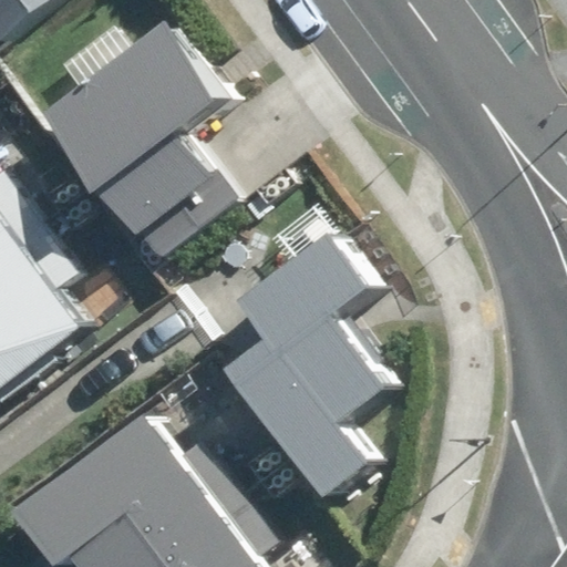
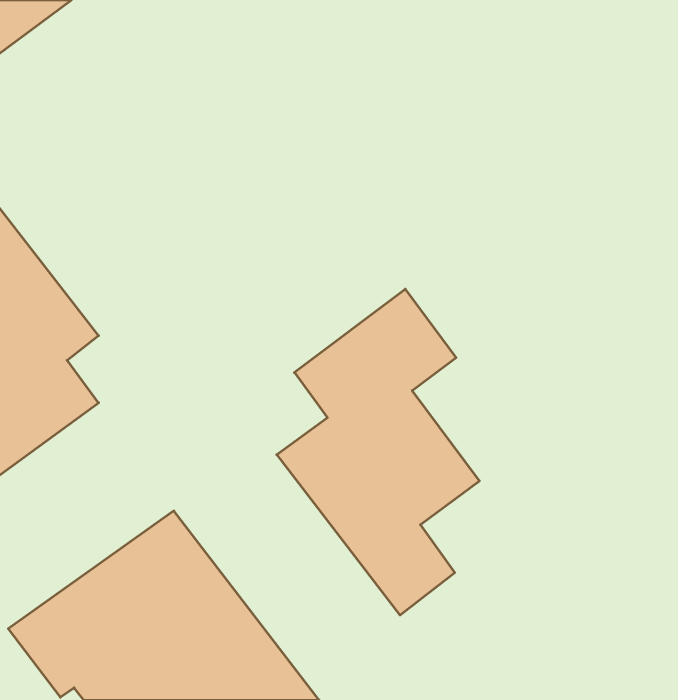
building: [41,22,237,259] -> none

